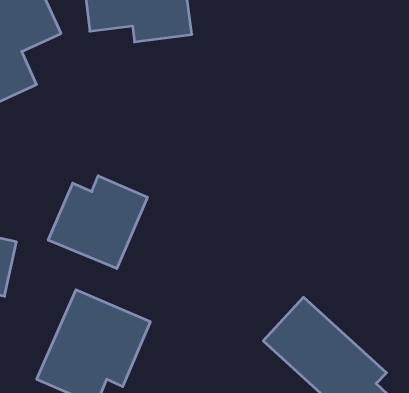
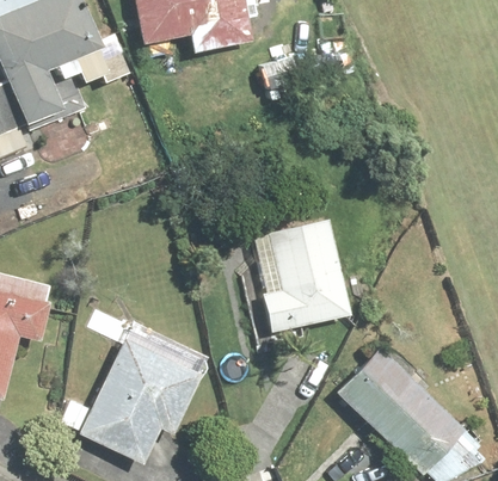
building: [48,176,147,269] -> none
building: none -> [250,217,351,331]

